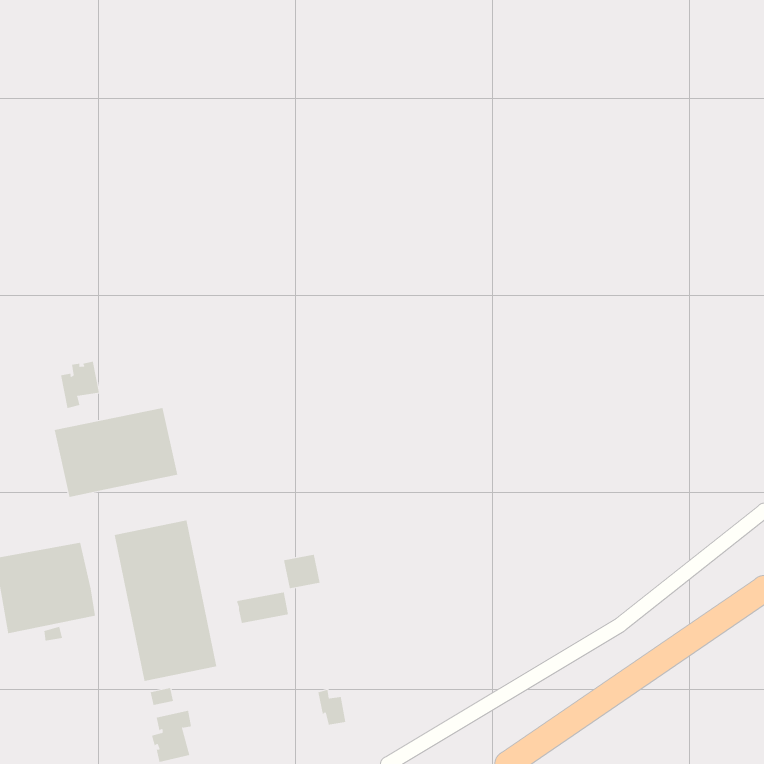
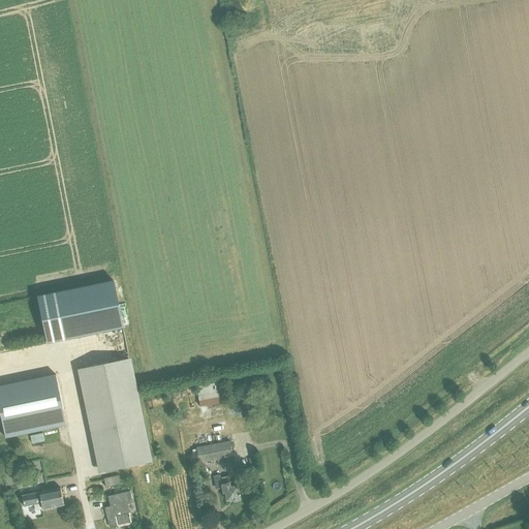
building: [60,361,100,409] -> none
building: [237,592,289,623] -> [196,440,232,462]
building: none -> [22,488,62,508]

